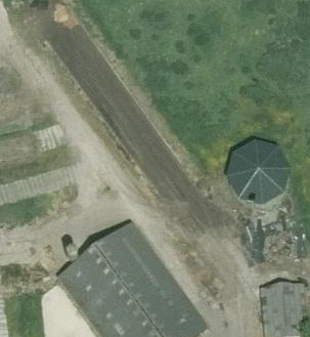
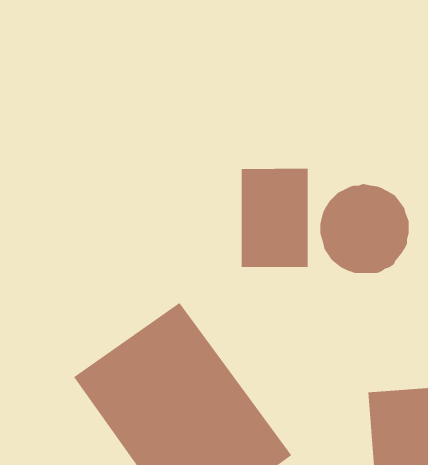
building: none -> [241,168,308,268]

